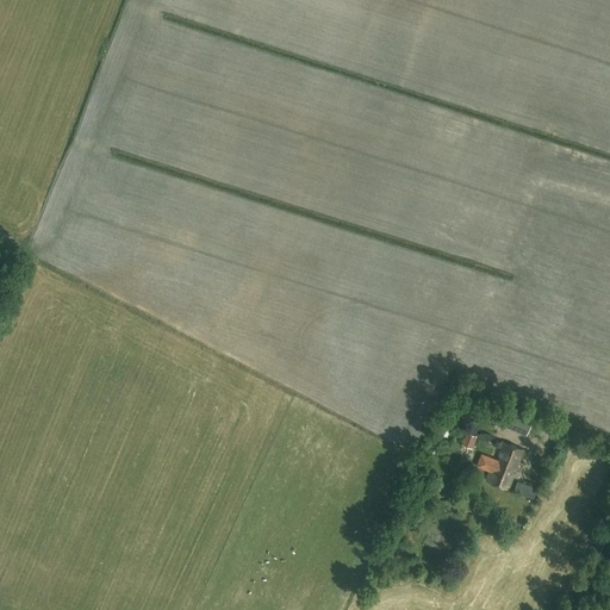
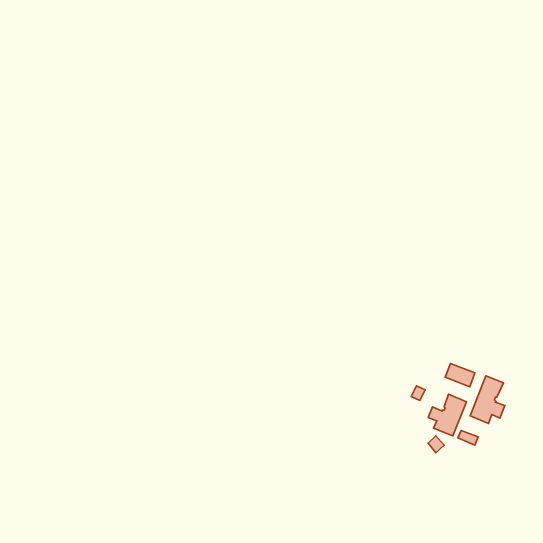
building: none -> [470,376,505,423]

